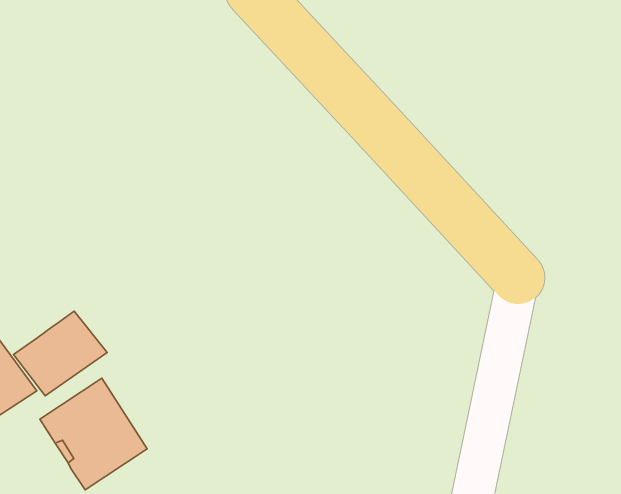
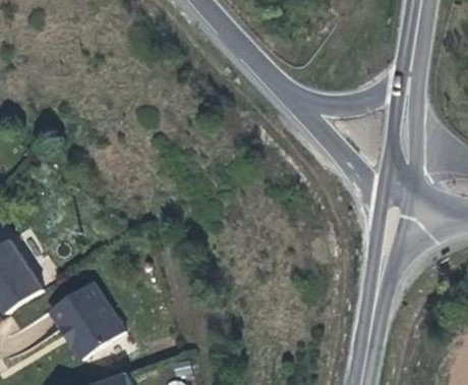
building: [13,311,107,396] -> none

